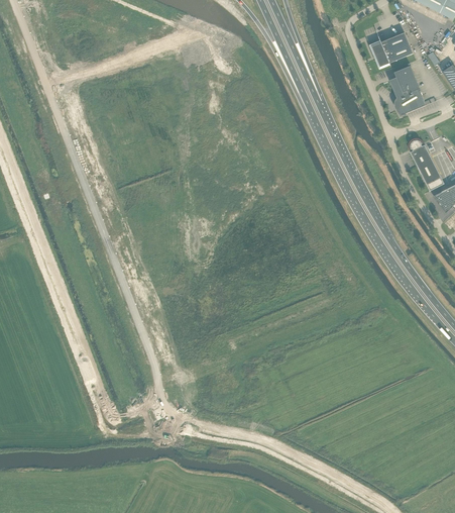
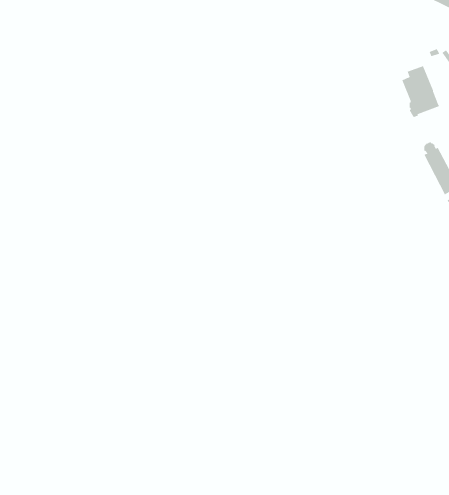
building: [371,31,413,66] -> none

